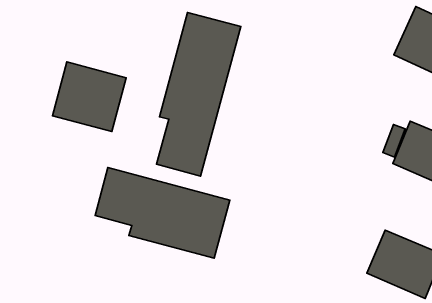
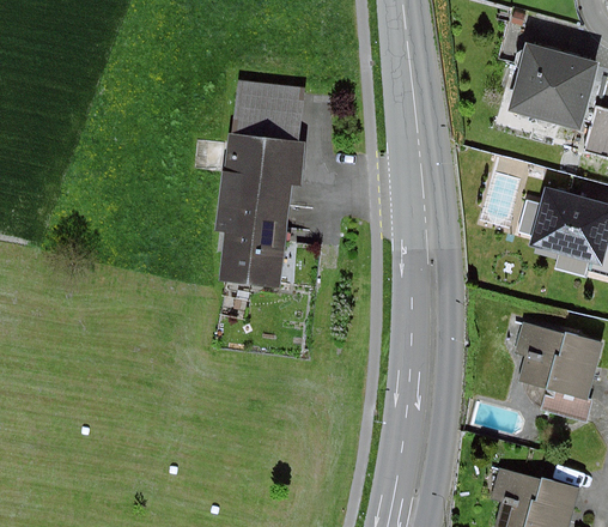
building: [52,62,126,132] -> none
building: [95,167,230,258] -> none

